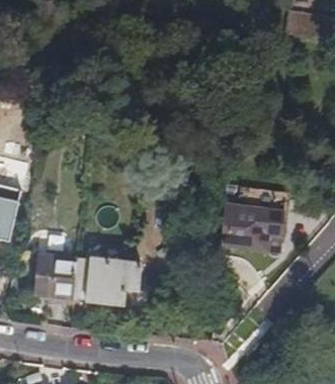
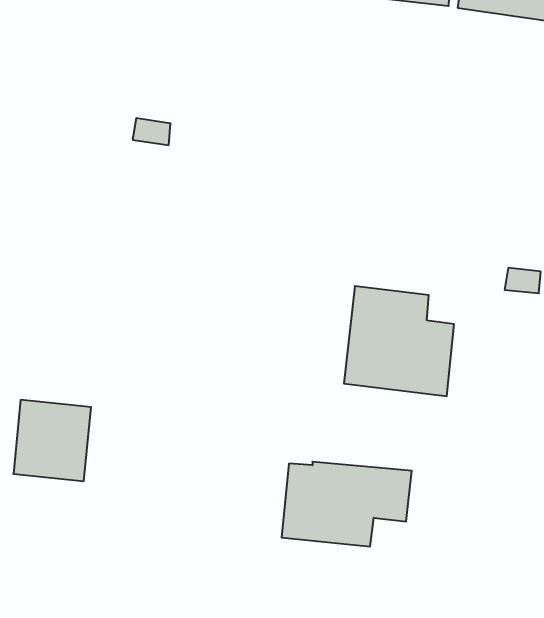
building: [74,257,147,304] -> [282,462,412,547]

